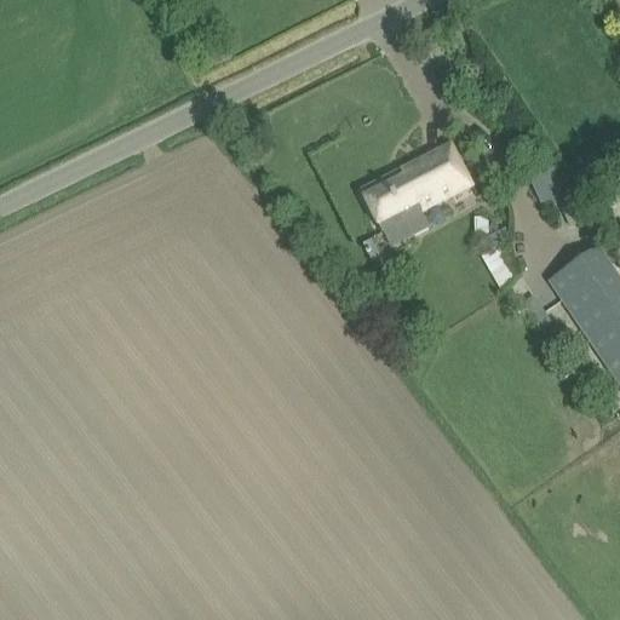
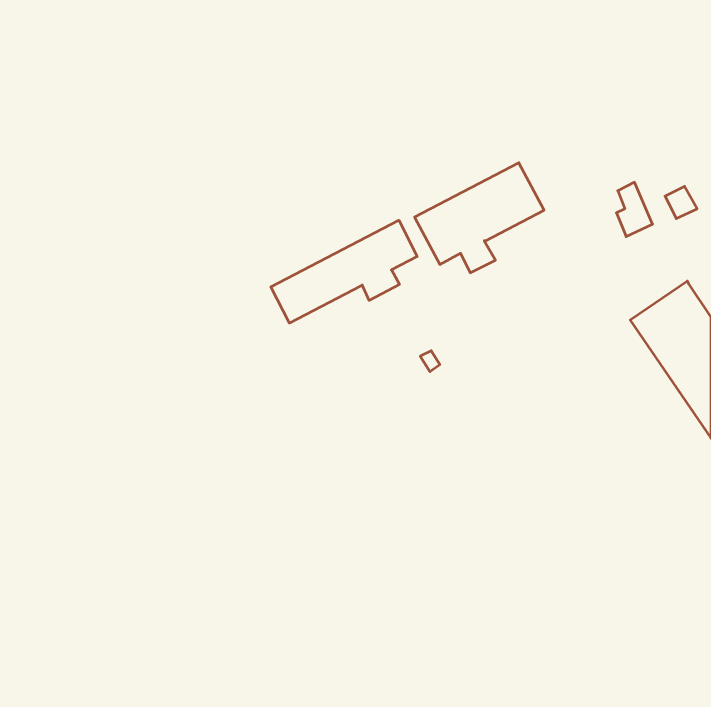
building: none -> [271,220,417,323]

